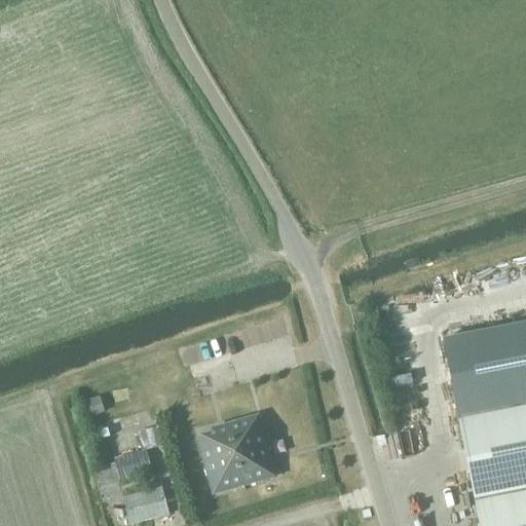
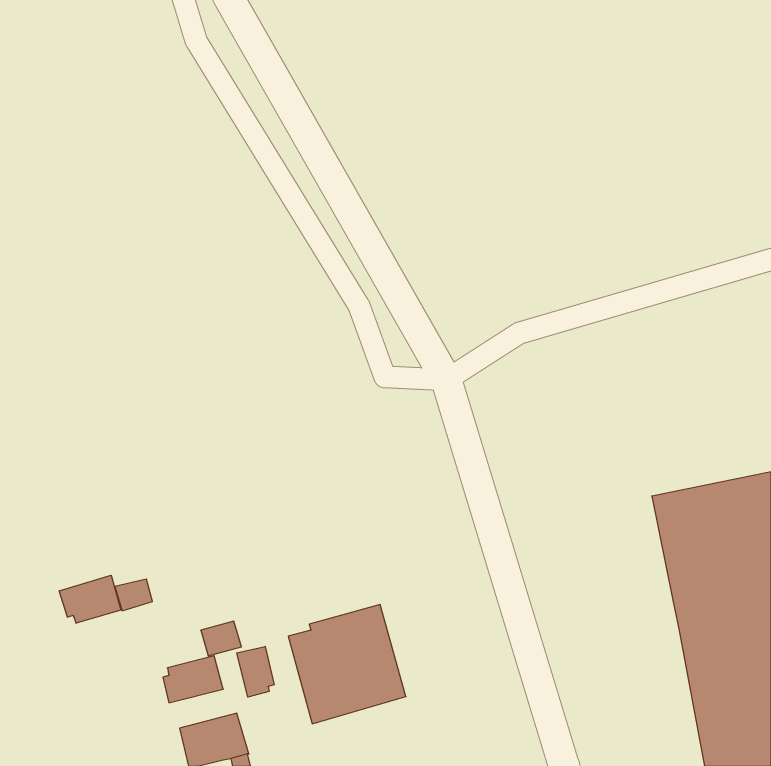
building: none -> [59,575,121,623]
building: none -> [237,646,274,697]

